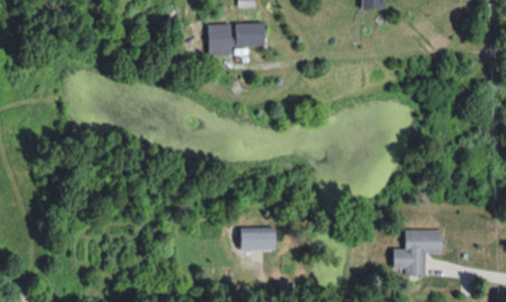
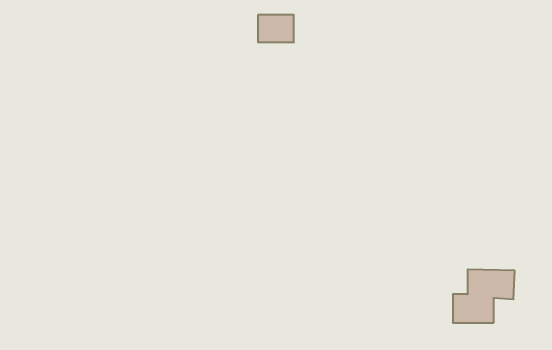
building: [208,24,231,54] -> none
building: [241,233,276,250] -> none

